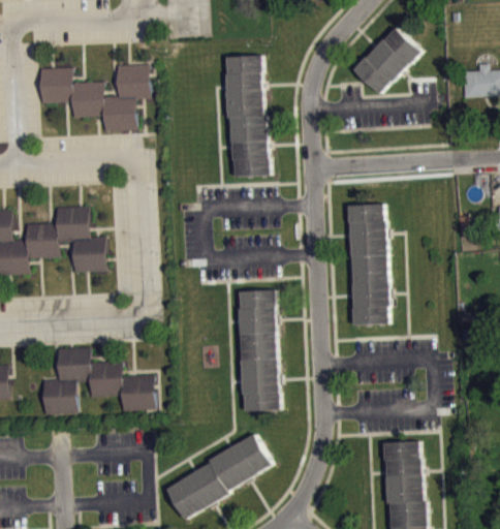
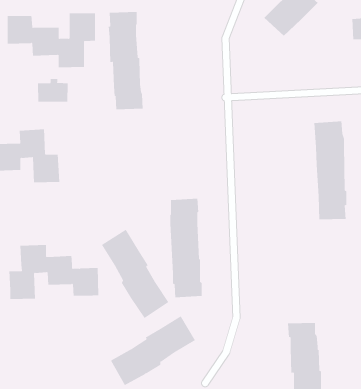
building: [225,57,269,177] -> [108,12,144,110]
building: none -> [38,78,68,103]
building: [347,204,388,324] -> [313,121,347,220]
building: none -> [101,229,169,319]

